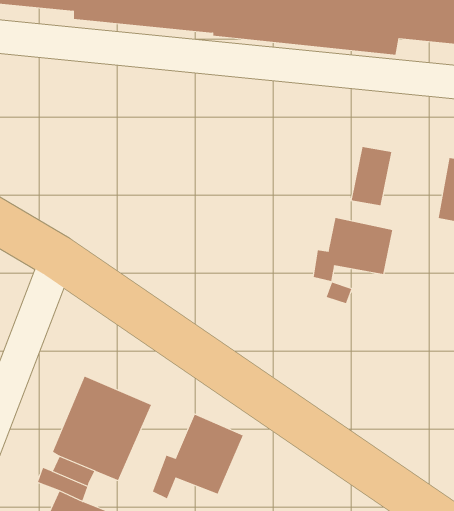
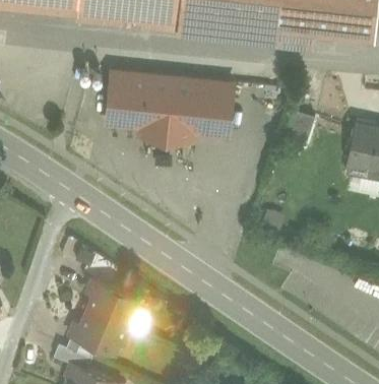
building: none -> [102,70,235,147]
building: [313,217,393,282] -> none
building: [152,414,243,499] -> none

